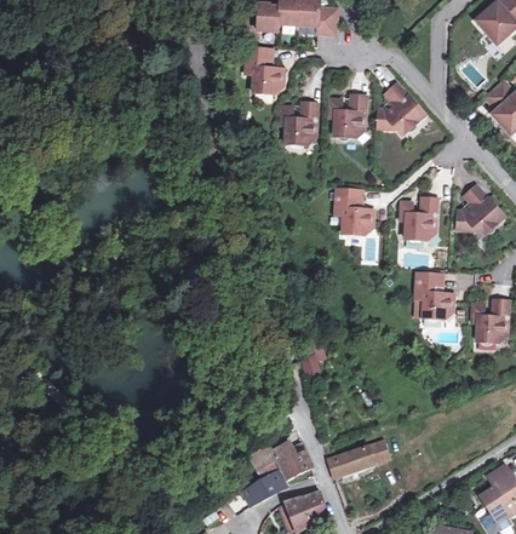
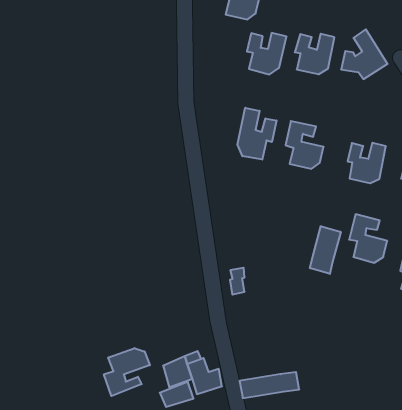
building: none -> [237,108,277,160]
building: none -> [310,226,341,274]
building: none -> [104,348,150,396]

